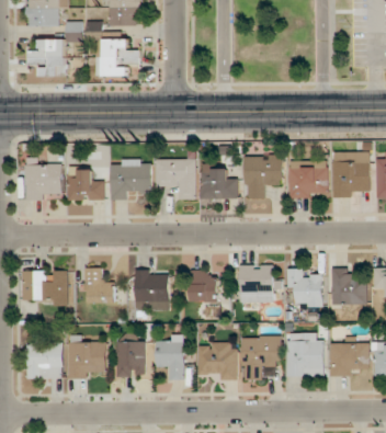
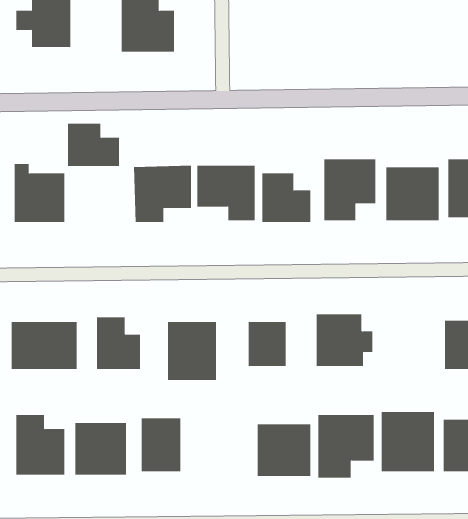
building: [67,169,104,200] -> [67,123,120,167]
building: [287,269,320,307] -> none
building: [155,334,184,379] -> none

